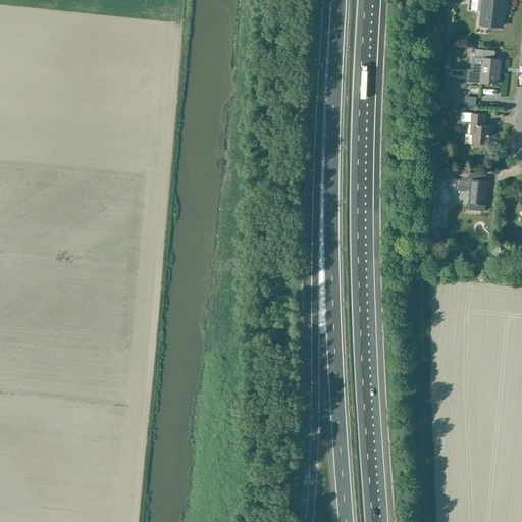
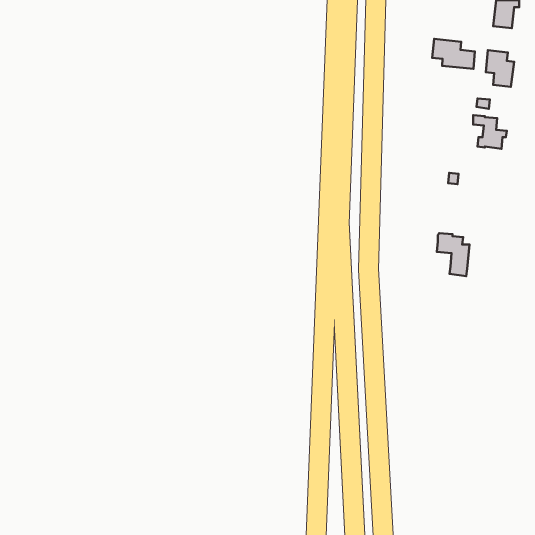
building: none -> [432,39,475,69]
building: [456,170,487,212] -> [437,233,469,276]

